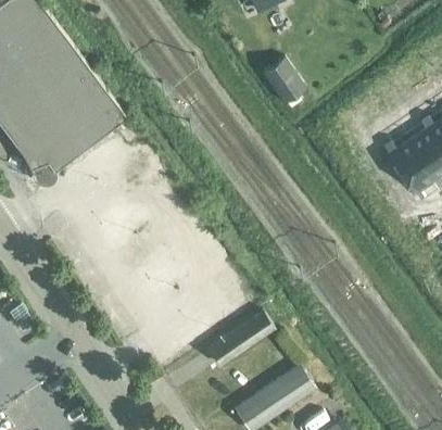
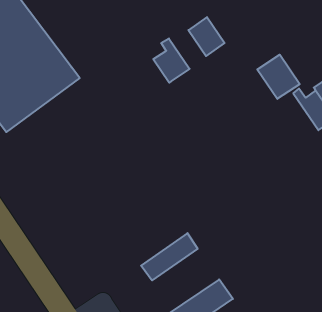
building: none -> [153,38,190,83]
building: none -> [257,55,300,99]

